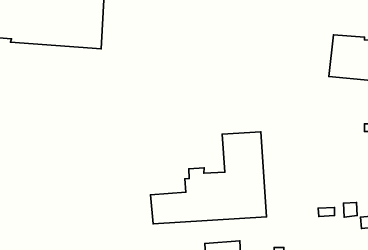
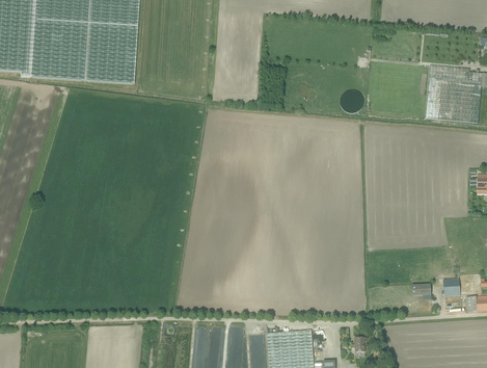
building: [151,132,267,224] -> none

